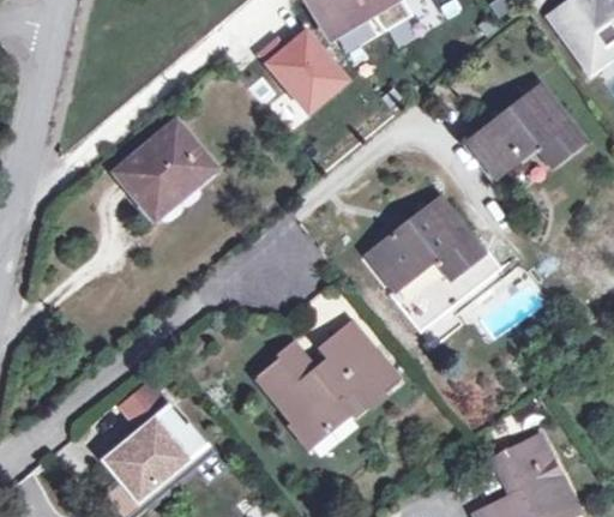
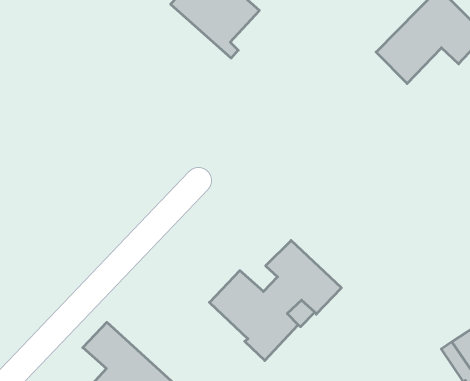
building: [115,121,215,218] -> none
building: [366,197,481,289] -> none

